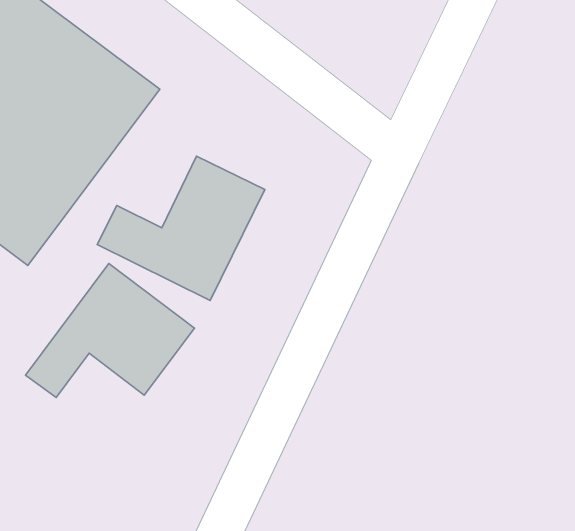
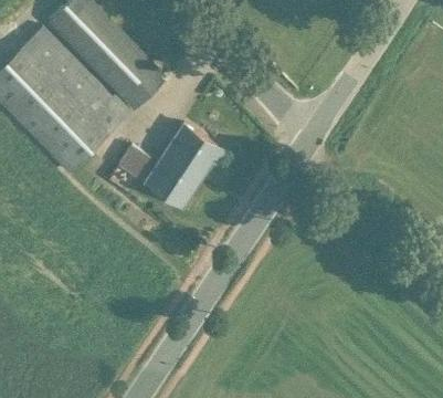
building: [25,264,194,398] -> none

